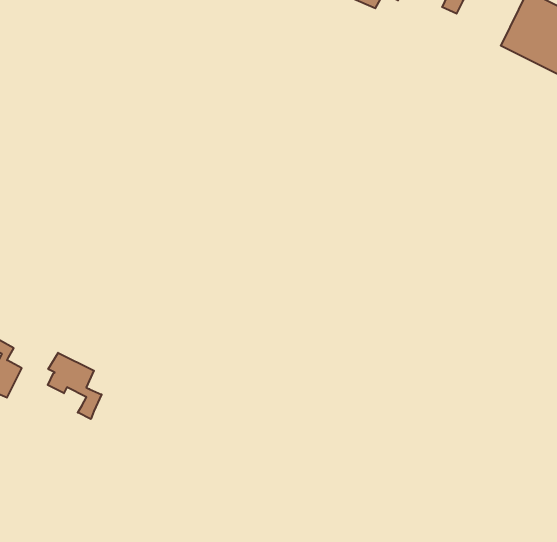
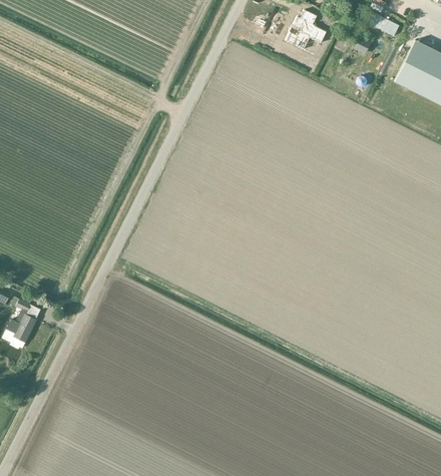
building: [48,353,102,419] -> none

